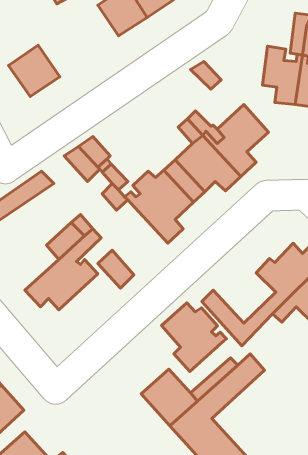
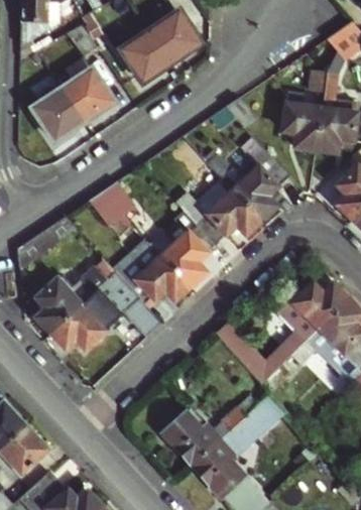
building: none -> [63,71,112,122]
building: none -> [123,246,190,300]
building: none -> [35,276,83,332]
building: [161,303,226,372] -> none

